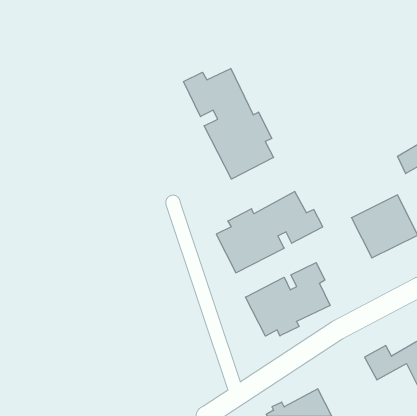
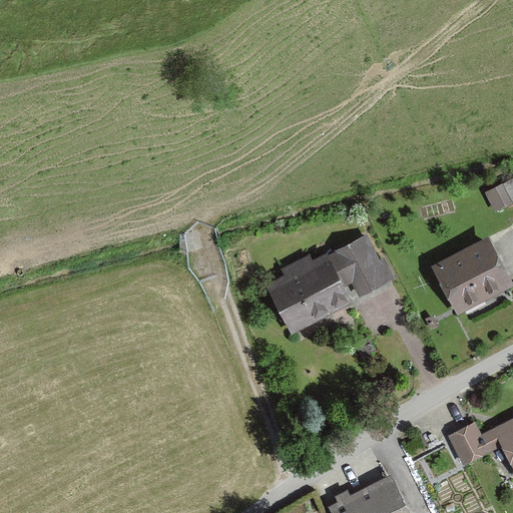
building: [183,68,274,179] -> none
building: [245,263,330,336] -> none

